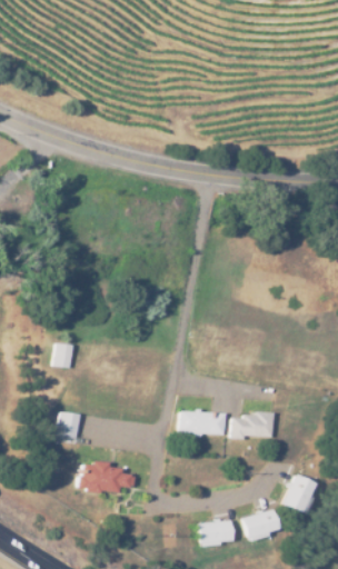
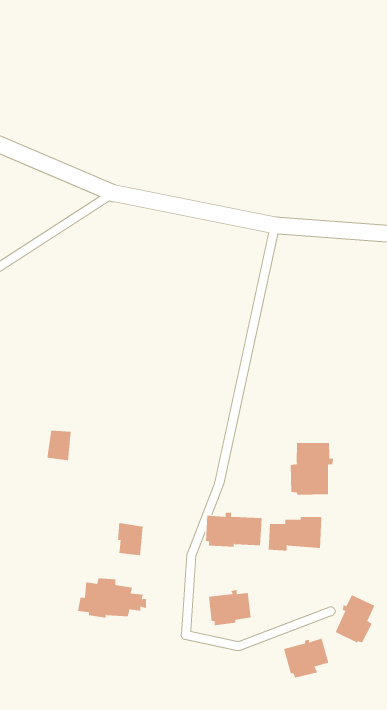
building: none -> [290,442,334,496]
building: [59,411,80,438] -> [117,522,144,556]
building: [198,518,232,547] -> [208,590,251,626]

